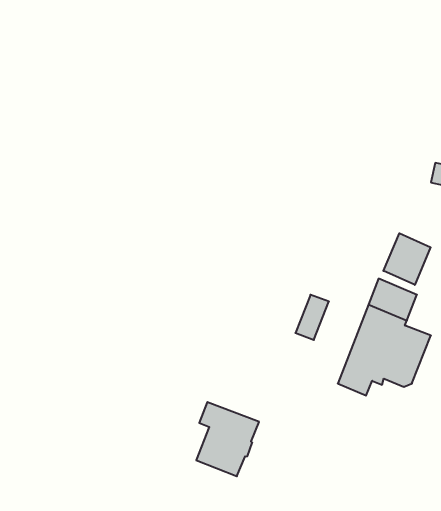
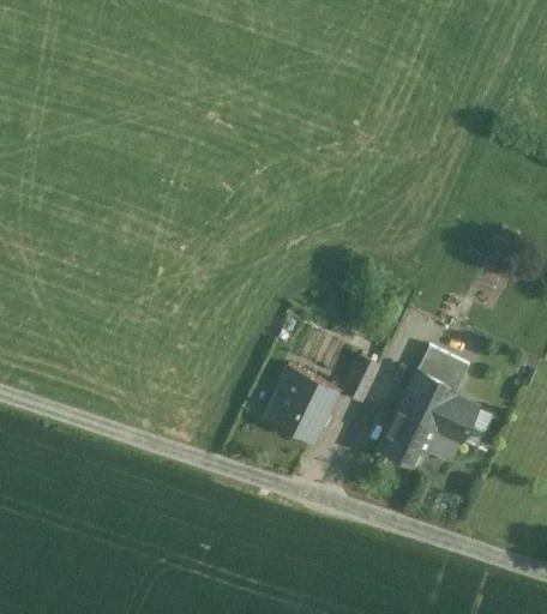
building: [383,233,431,285] -> none
building: [196,402,259,476] -> [271,366,337,443]

